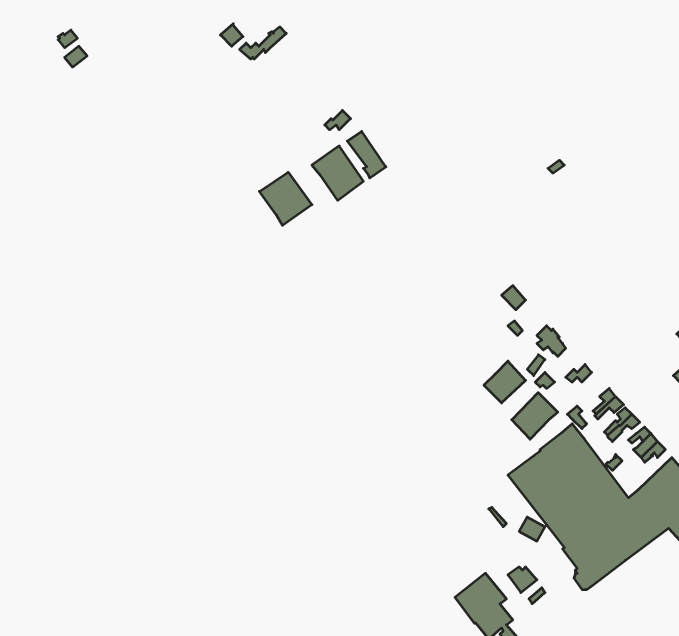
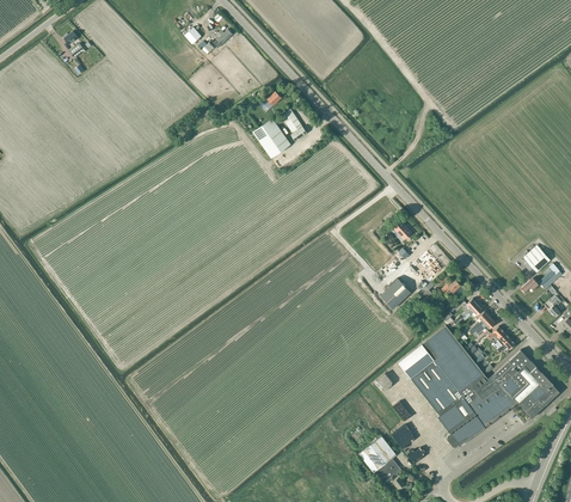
building: [259,172,312,225] -> none
building: [512,393,558,439] -> none

